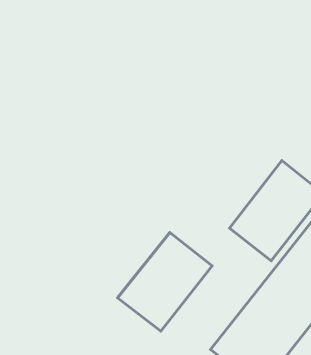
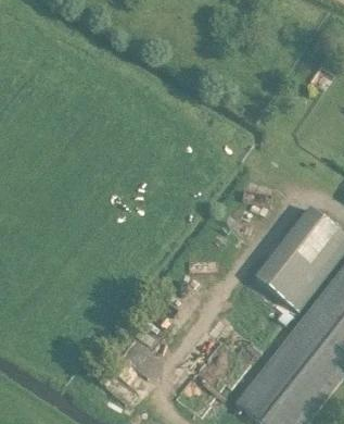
building: [117,232,212,331] -> none

